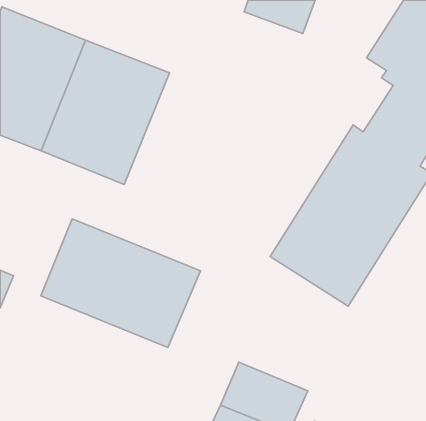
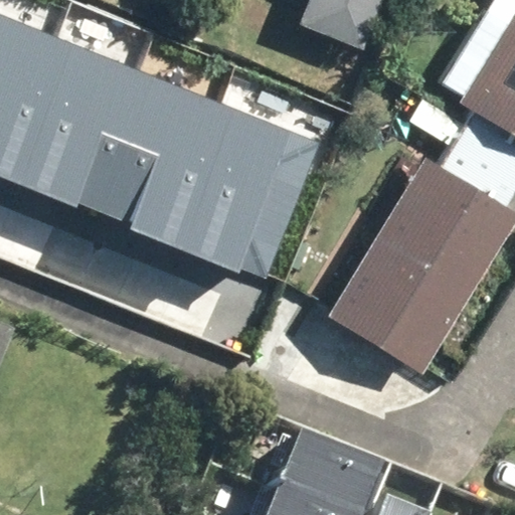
building: none -> [152,97,307,271]
building: [41,219,200,348] -> none

